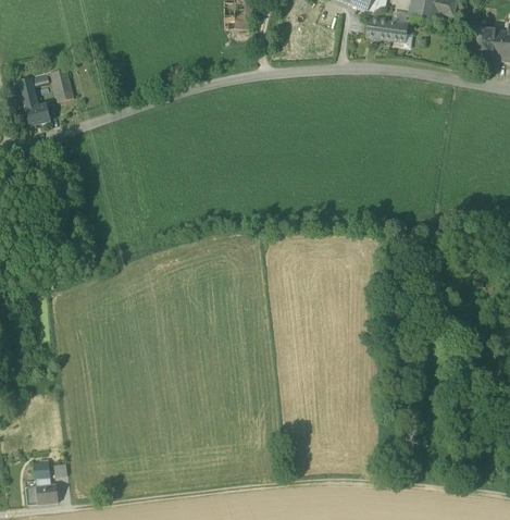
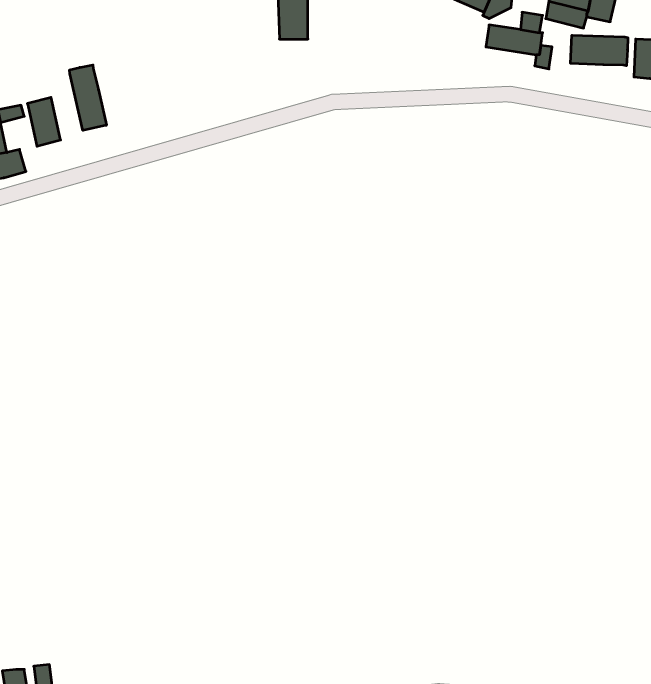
building: none -> [571,35,628,66]
building: none -> [70,65,106,130]

